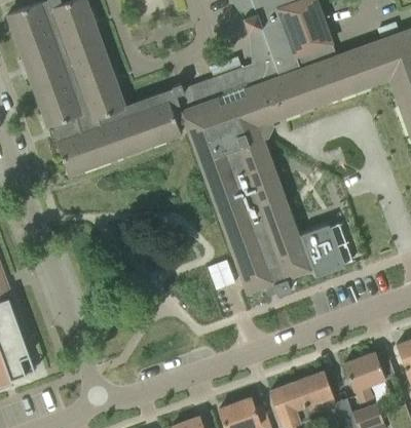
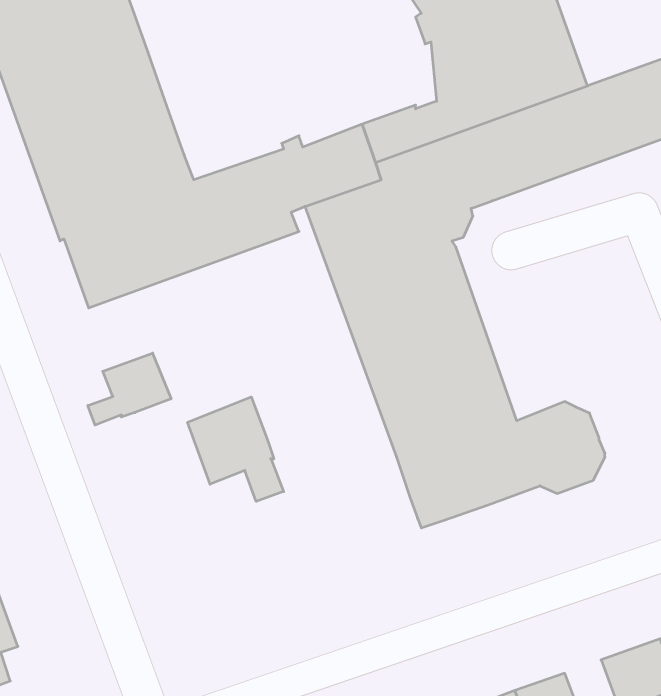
building: none -> [88,353,171,425]
building: none -> [188,397,284,501]

